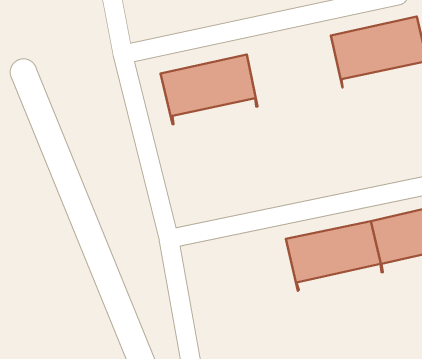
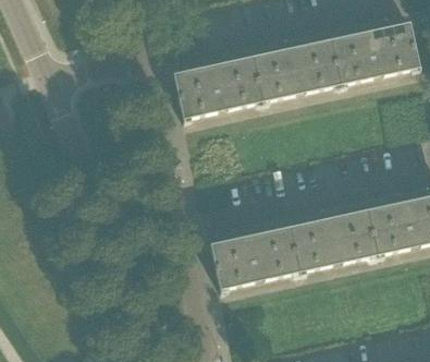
building: none -> [254,40,342,106]
building: none -> [211,228,300,292]

